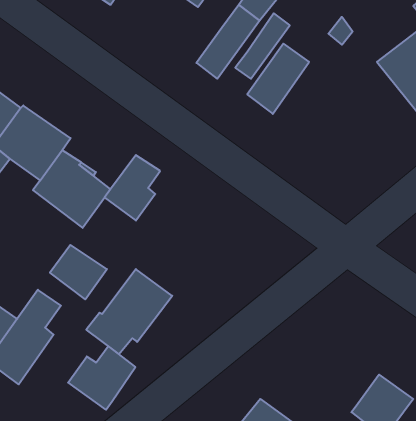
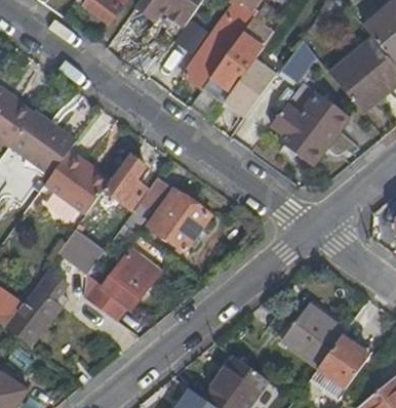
building: none -> [273,92,352,167]
building: none -> [140,171,213,249]
building: none -> [281,301,343,365]
building: [68,346,135,410] -> none

